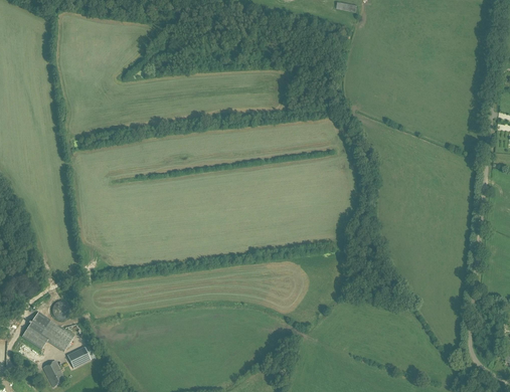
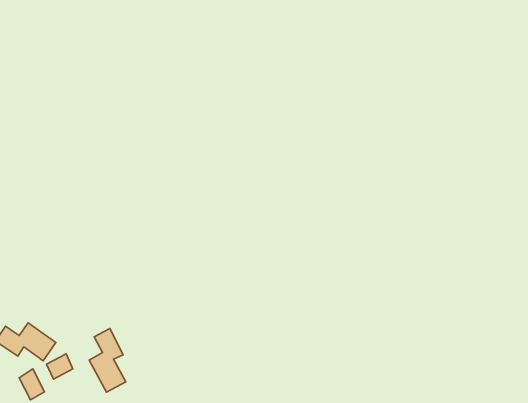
building: none -> [89,328,126,392]

